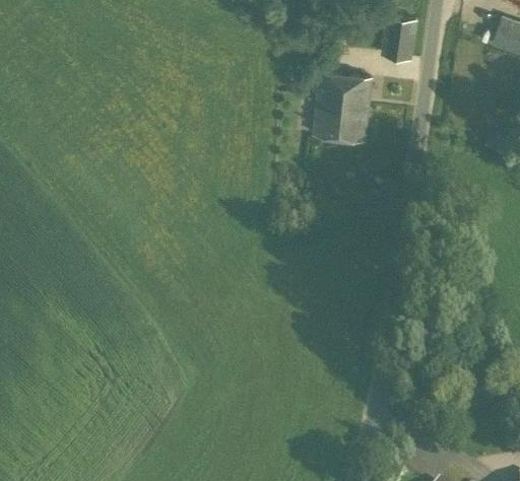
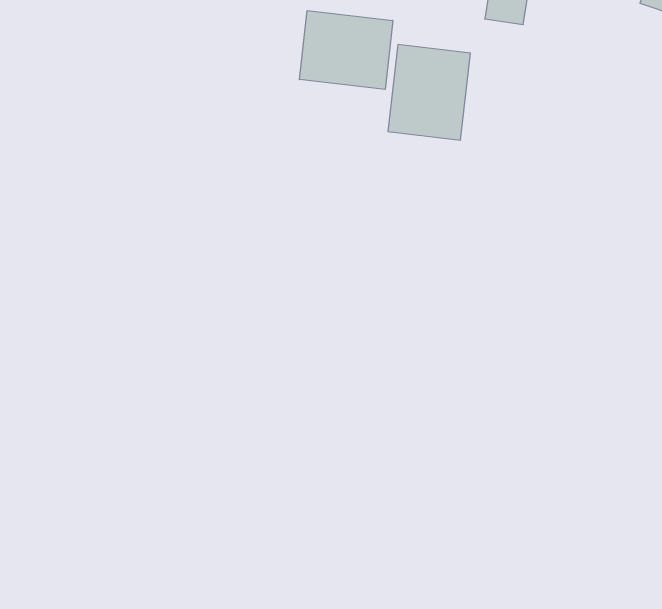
building: none -> [299,11,393,89]

